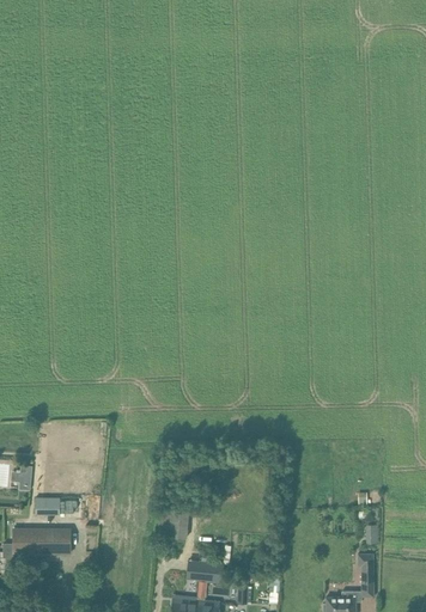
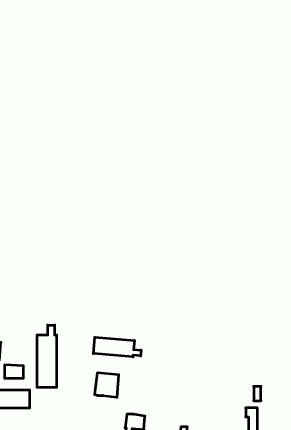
building: none -> [37,325,57,387]
building: none -> [93,337,141,357]

